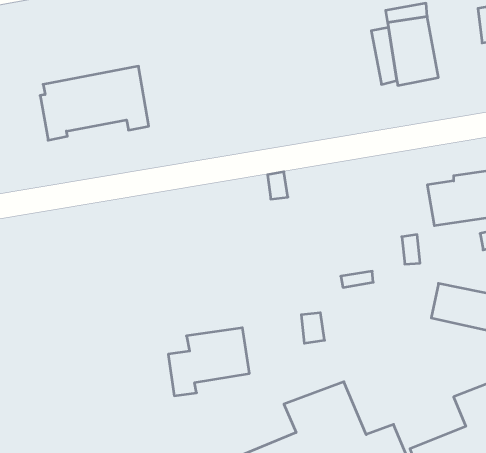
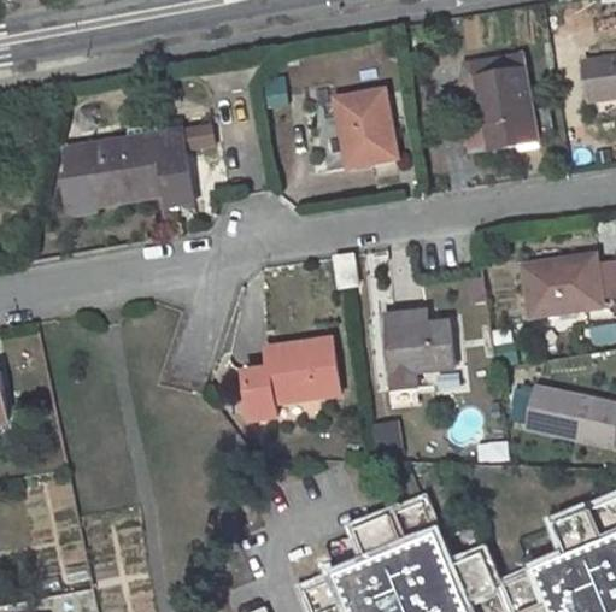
building: none -> [334,89,395,166]
building: none -> [387,322,453,373]
building: [168,328,249,396] -> [242,337,339,418]

